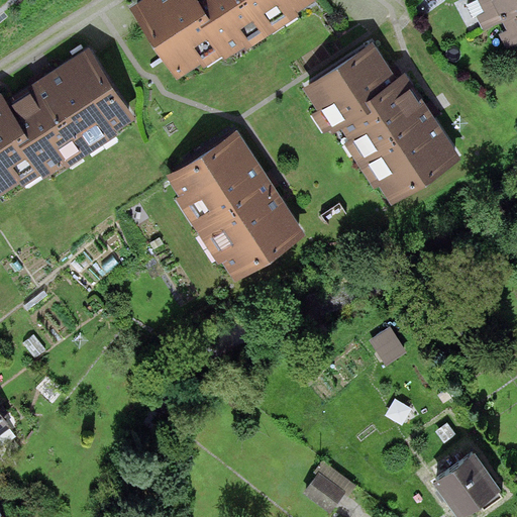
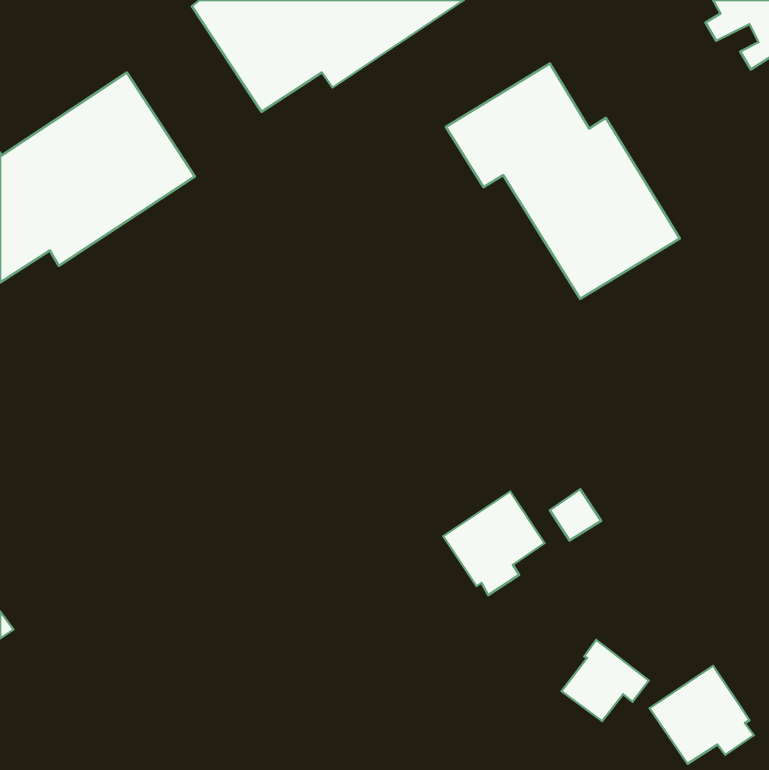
building: [169,133,297,275] -> none
building: none -> [443,491,544,595]
building: [304,455,363,510] -> [561,640,649,721]

